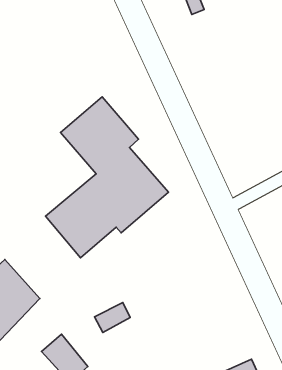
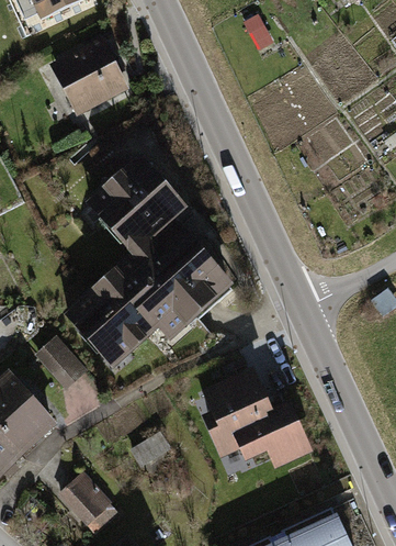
building: none -> [49,35,129,114]
building: none -> [34,334,88,387]
building: none -> [205,375,307,468]

